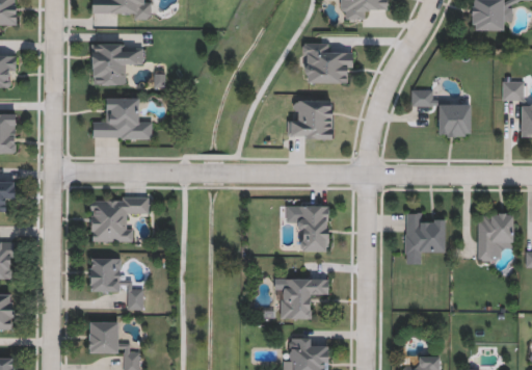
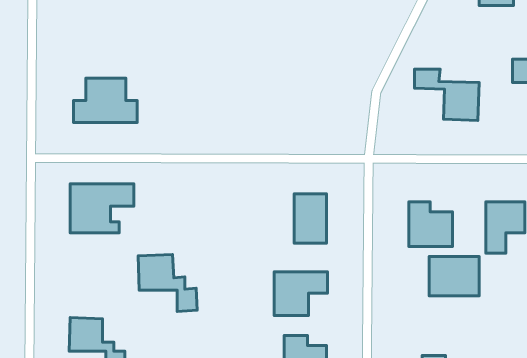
building: [91,44,144,85] -> none
building: [302,44,352,83] -> none
building: [289,100,332,139] -> none
building: [89,258,144,311] -> [138,255,197,311]
building: none -> [429,256,479,296]

